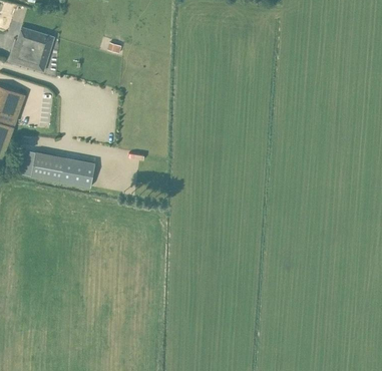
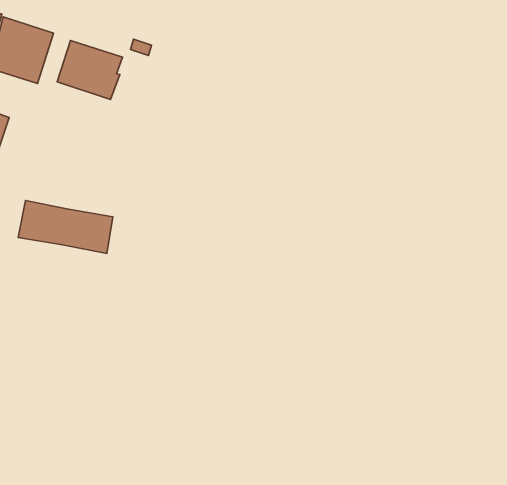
building: none -> [57,40,123,99]

